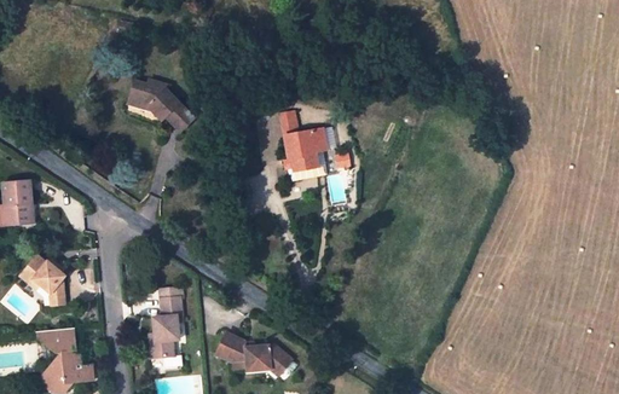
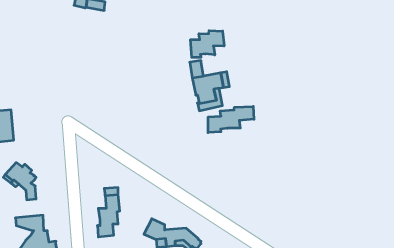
building: none -> [191,31,224,57]
building: [128,80,193,132] -> none
building: none -> [208,106,254,133]

